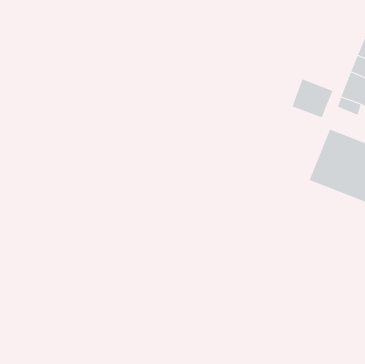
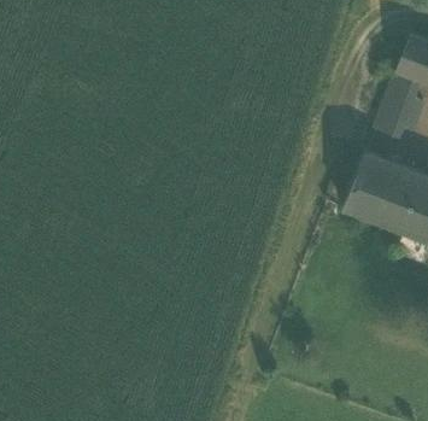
building: [292,78,333,118] -> none

